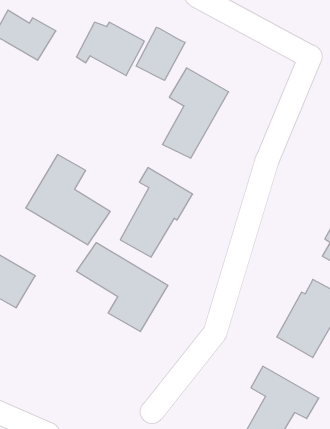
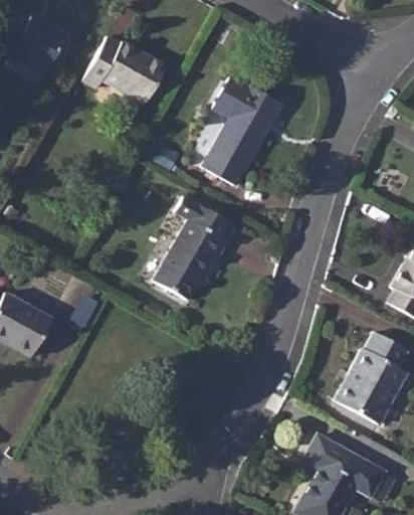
building: [136,27,185,80] -> none
building: [26,154,110,245] -> none
building: [76,243,168,332] -> none

